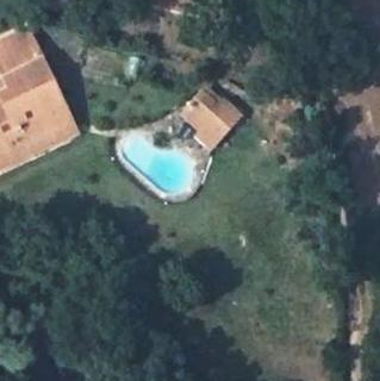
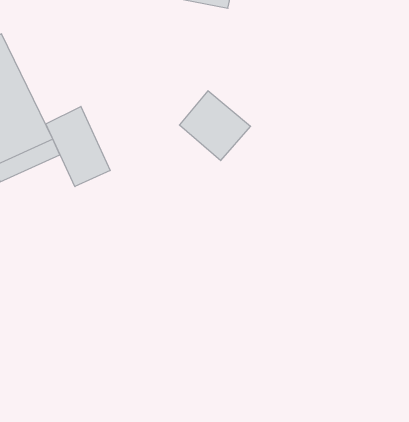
building: none -> [46,106,110,187]

